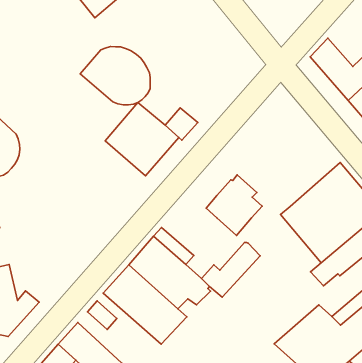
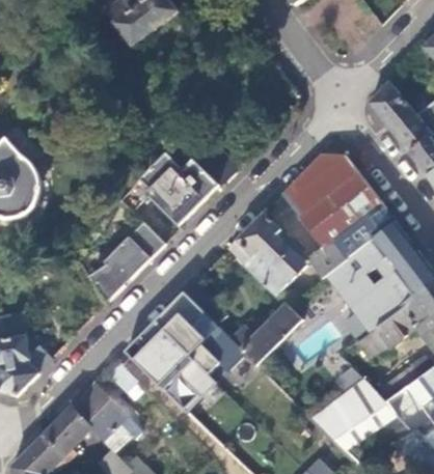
building: [80,47,150,105] -> none
building: none -> [284,154,395,277]
building: none -> [226,212,279,263]
building: none -> [89,221,165,303]

